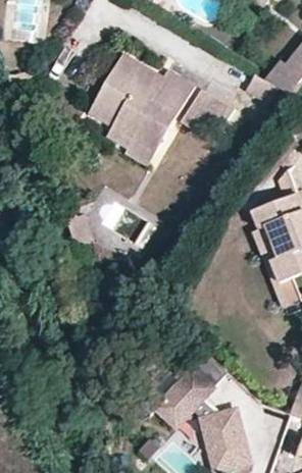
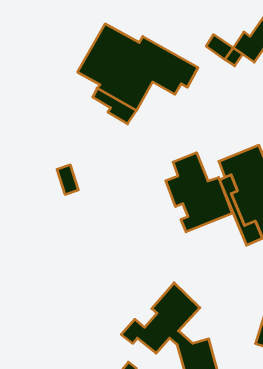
building: none -> [166,153,232,232]

